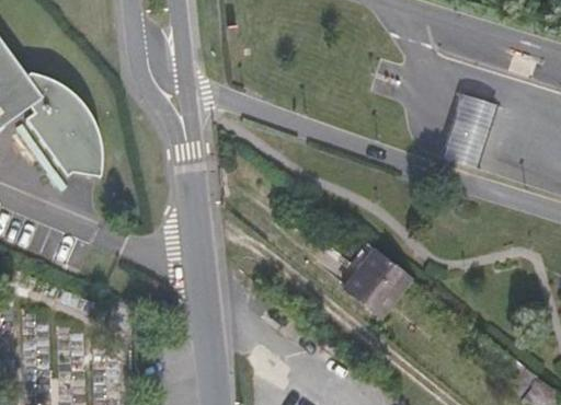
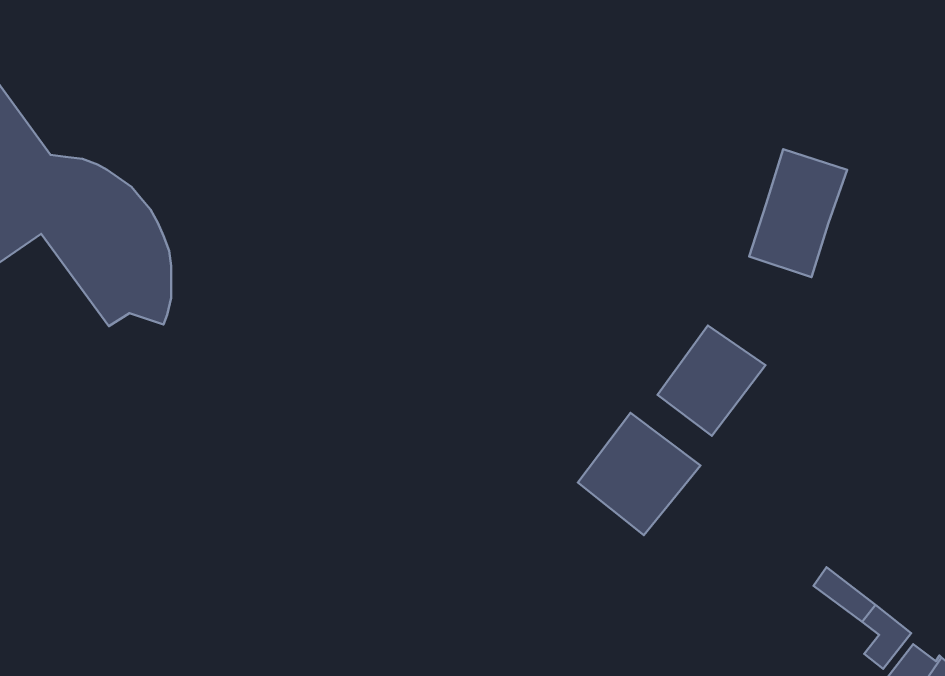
building: none -> [658,325,766,436]

